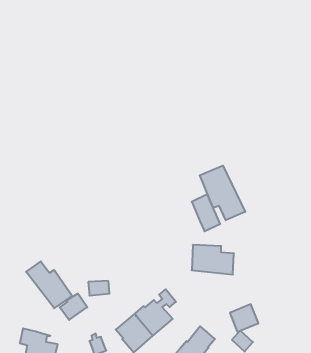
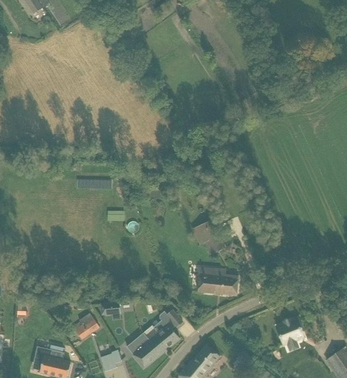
building: [200,166,245,220] -> none
building: [26,261,72,308] -> none
building: [230,304,258,332] -> [278,318,305,344]

